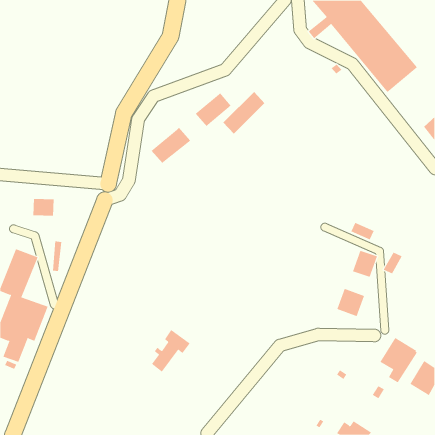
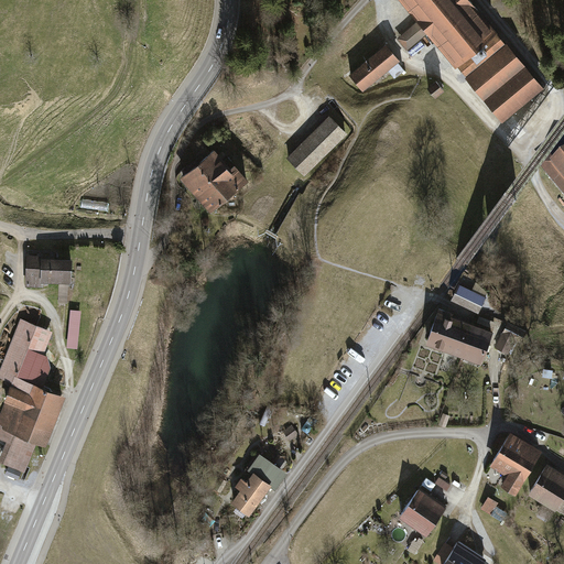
building: none -> [350,47,398,91]
building: [195,93,232,127] -> [181,151,228,195]
building: none -> [25,257,43,285]
building: [337,288,365,317] -> [429,314,465,351]
building: [151,329,190,373] -> [234,456,284,512]
building: none -> [401,491,443,532]

